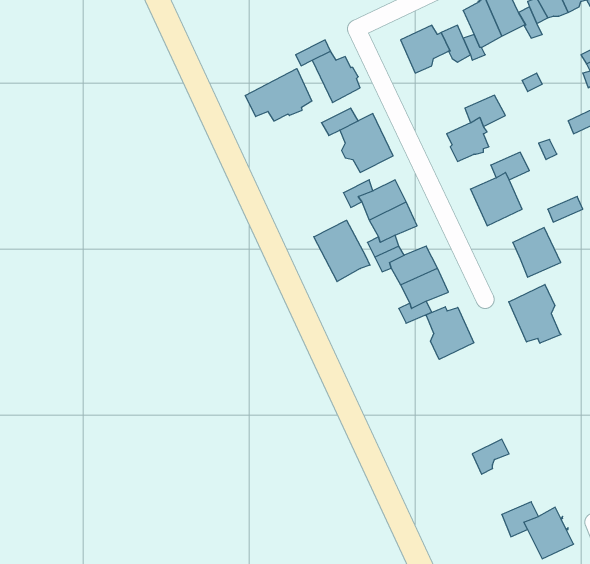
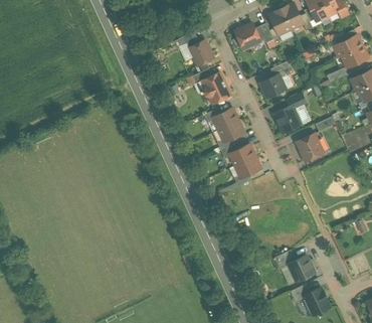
building: [245,69,312,121] -> none
building: [314,220,370,282] -> none
building: [509,284,561,343] -> none
building: [425,307,474,359] -> none
building: none -> [288,255,315,282]

